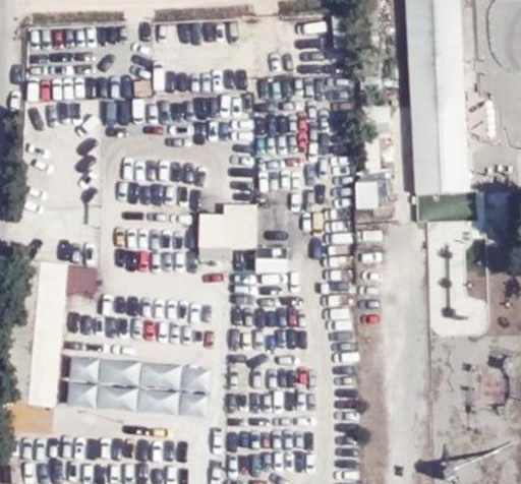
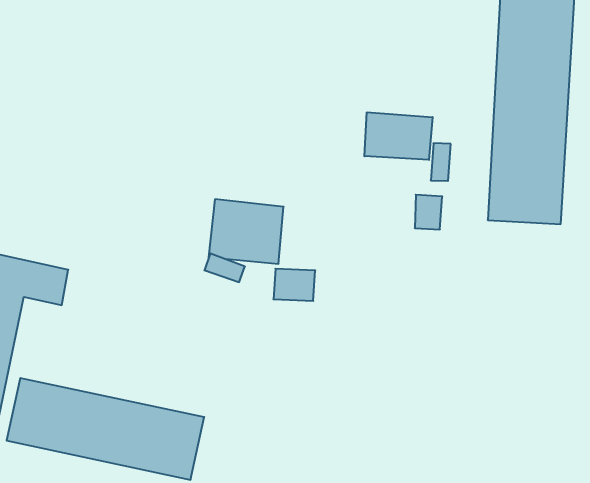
building: none -> [364,112,433,160]

